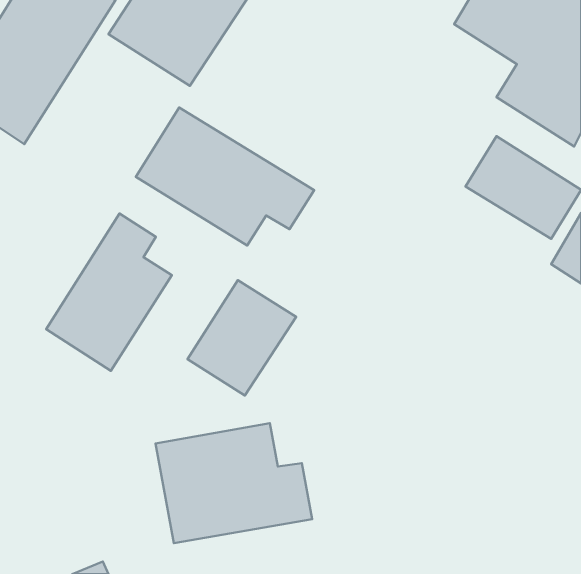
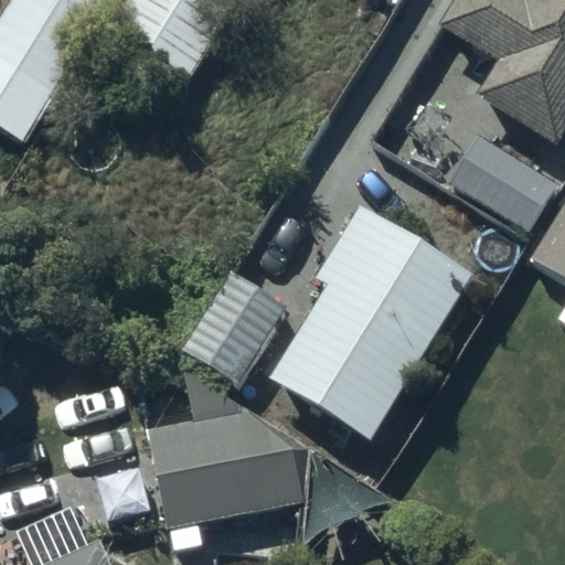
building: [136,108,314,246] -> none
building: none -> [271,205,475,440]
building: [46,213,172,371] -> none

